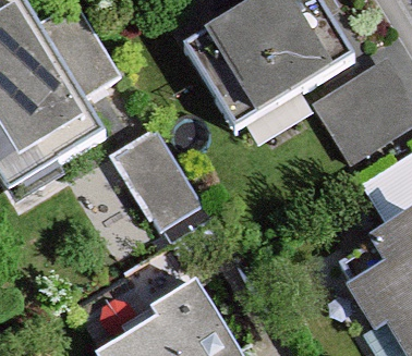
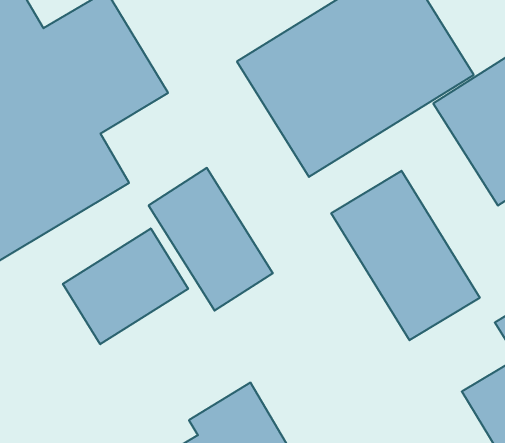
building: none -> [331,171,480,340]
building: none -> [63,228,188,344]

